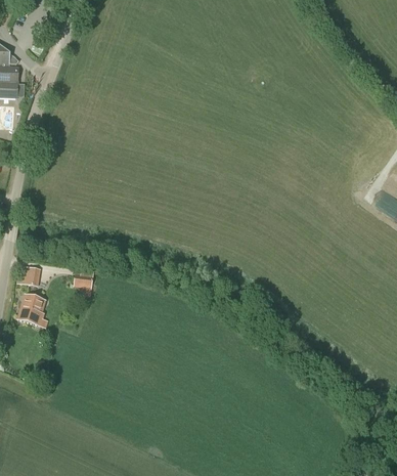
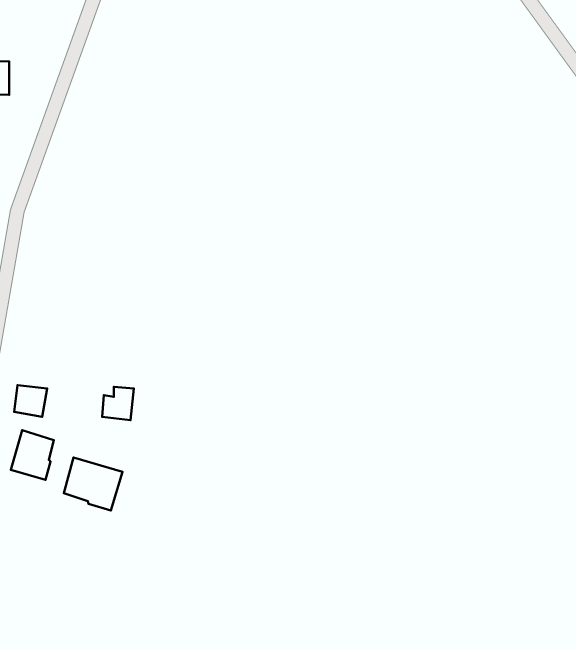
building: none -> [64,458,122,511]

